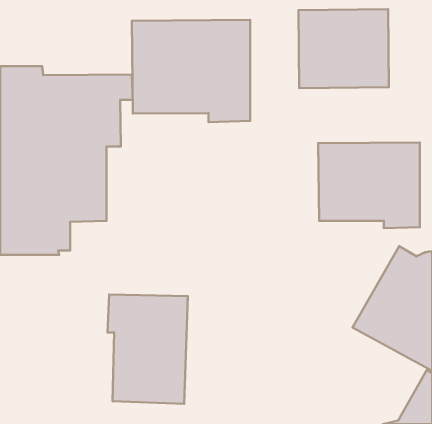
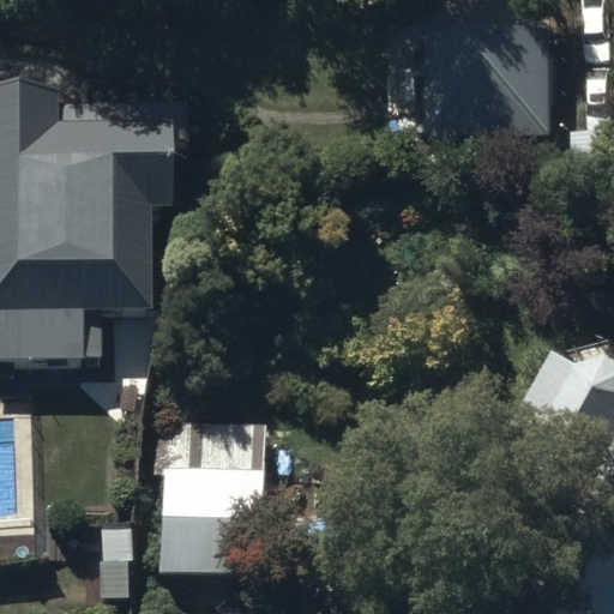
building: [132,20,250,122] -> none
building: [318,142,420,228] -> none

